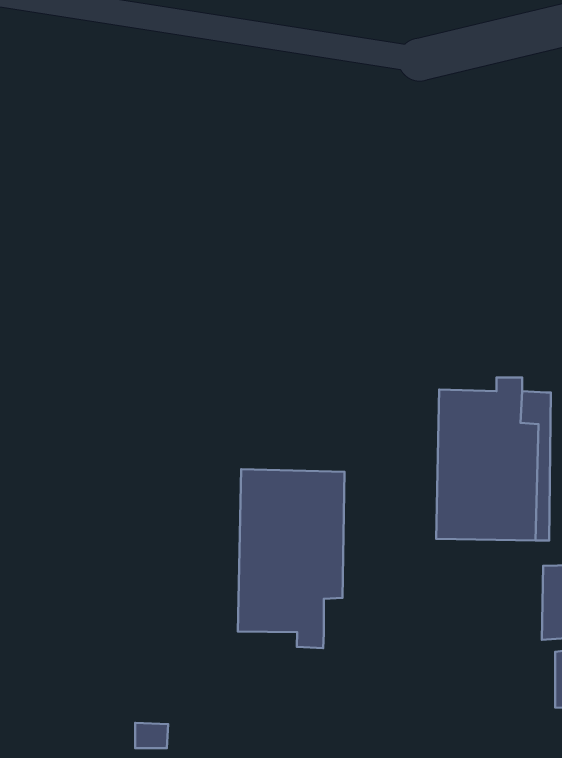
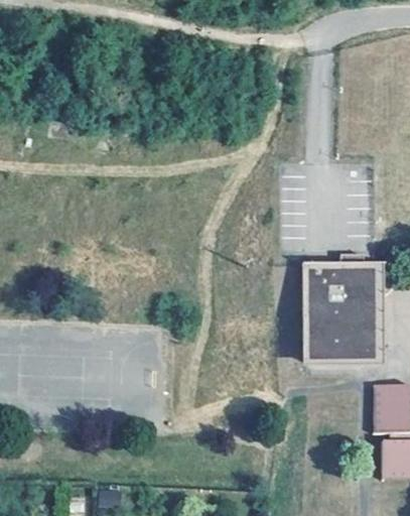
building: [238,469,344,648] -> none

